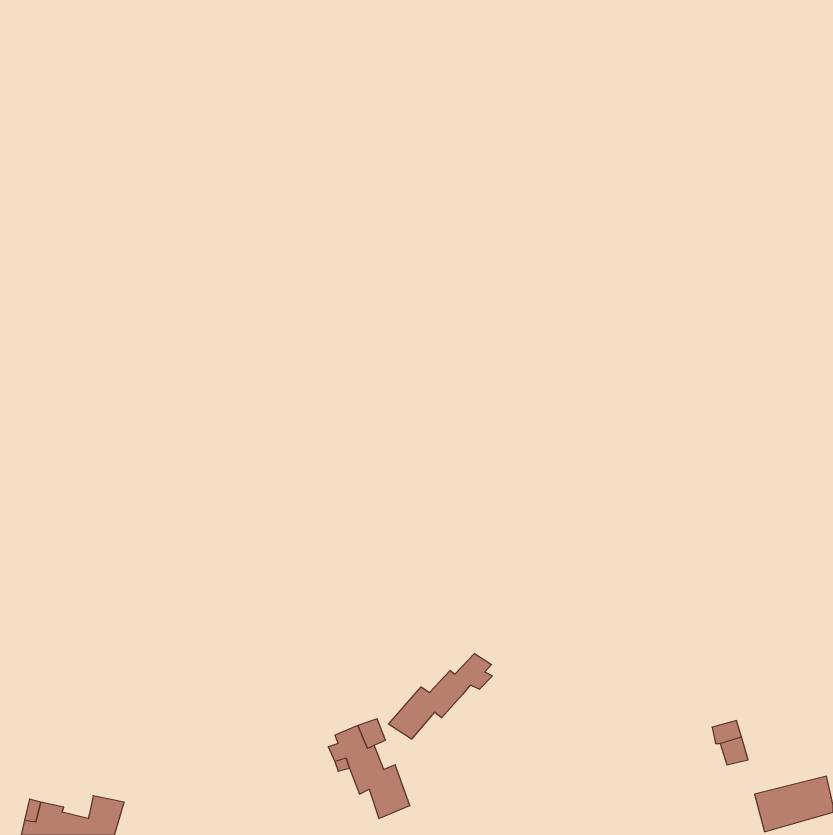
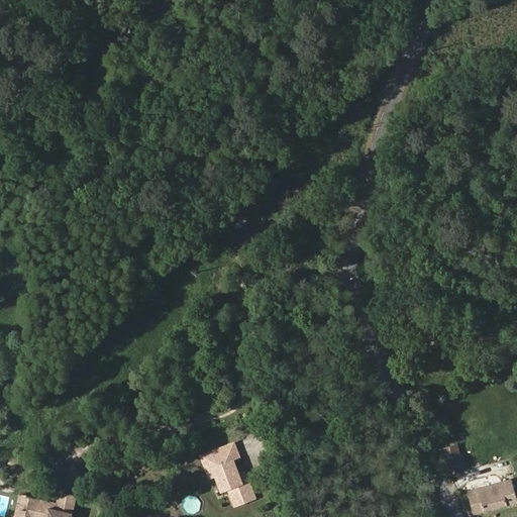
building: [388,653,492,739] -> none

